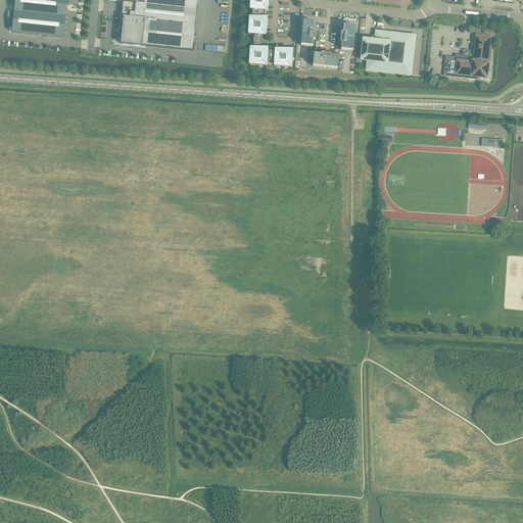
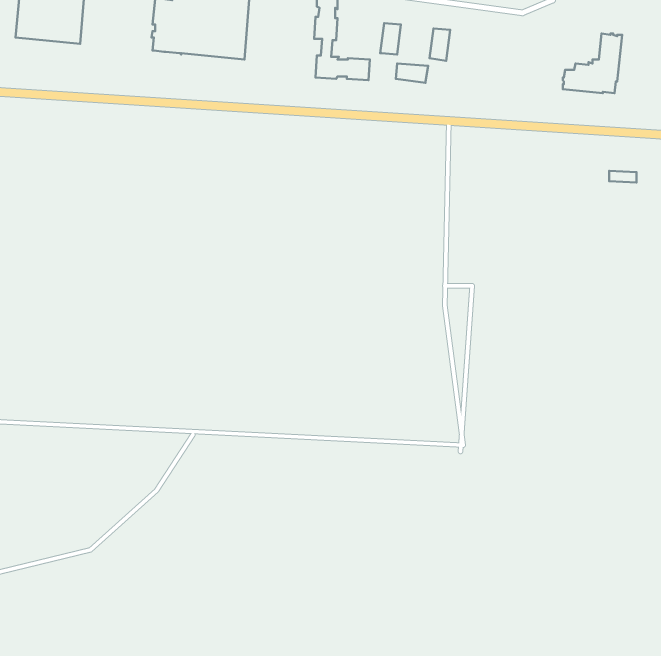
building: [361,28,415,72] -> none

